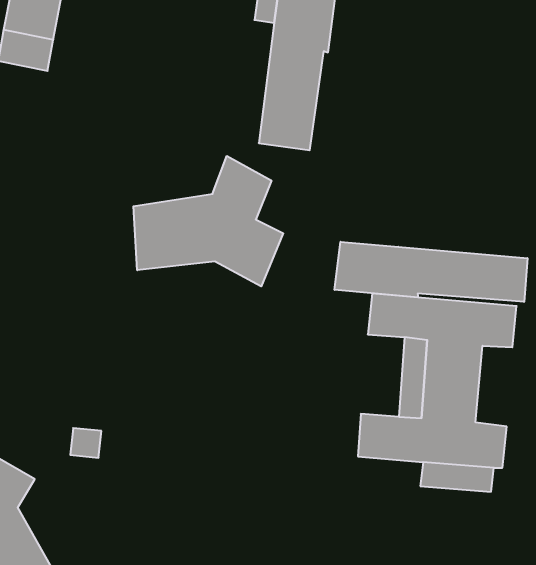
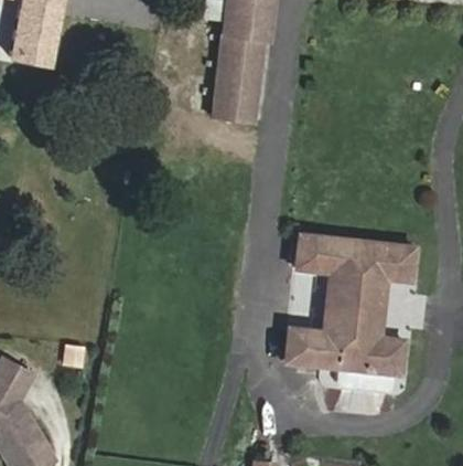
building: [133,156,283,286] -> none
building: [335,242,527,302] -> none

